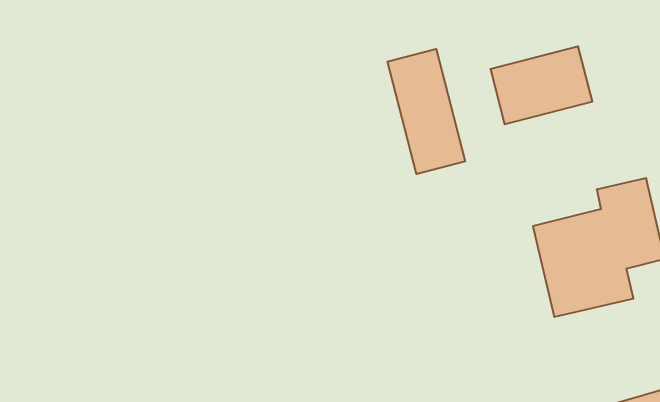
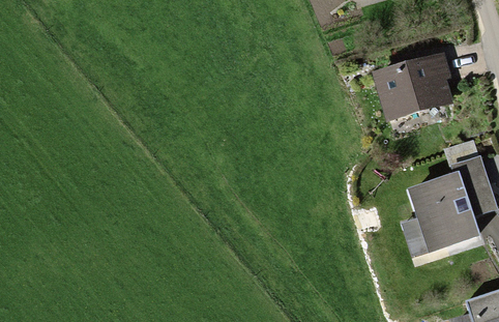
building: [387,49,465,174] -> none

